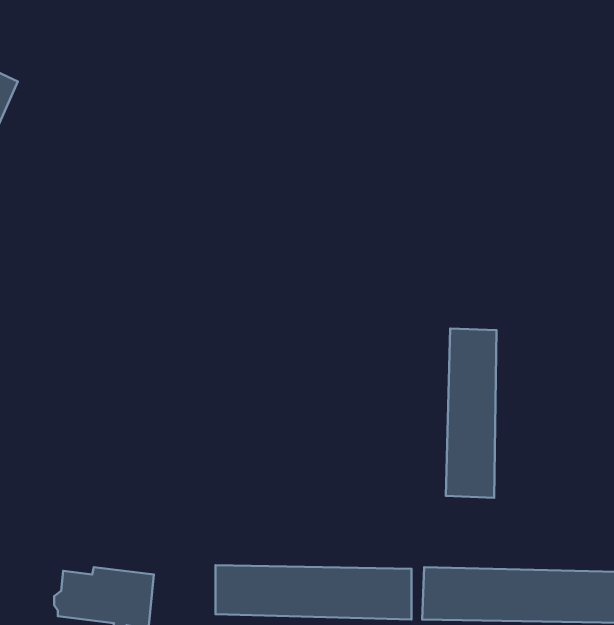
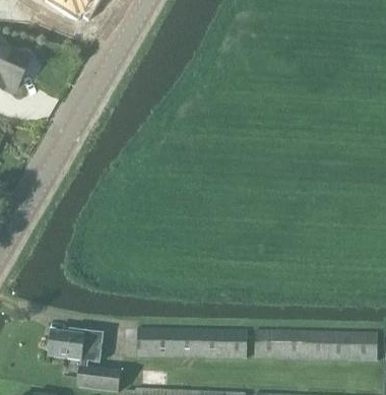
building: [446,328,496,498] -> none

